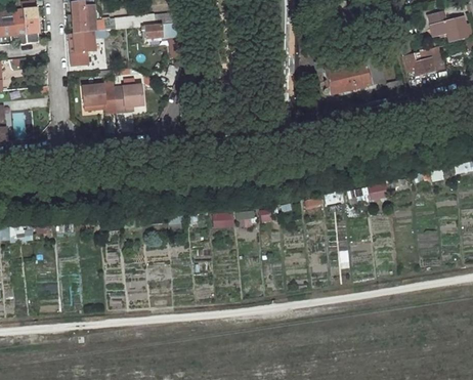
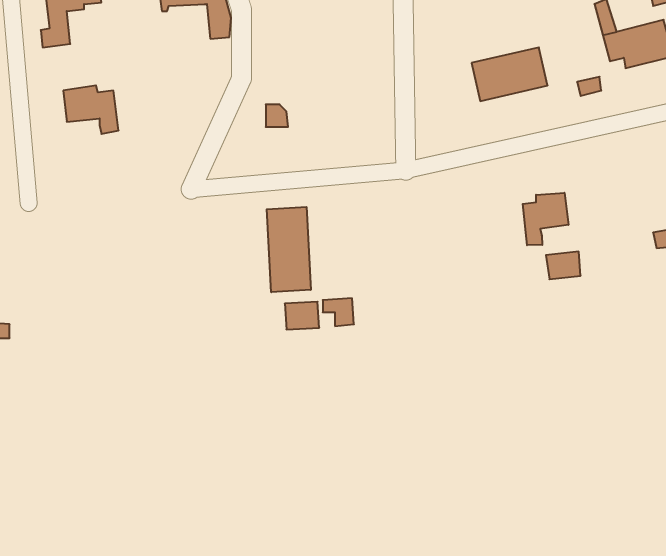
building: [113,85,142,112] -> none
building: none -> [523,193,568,245]
building: none -> [267,207,311,292]

